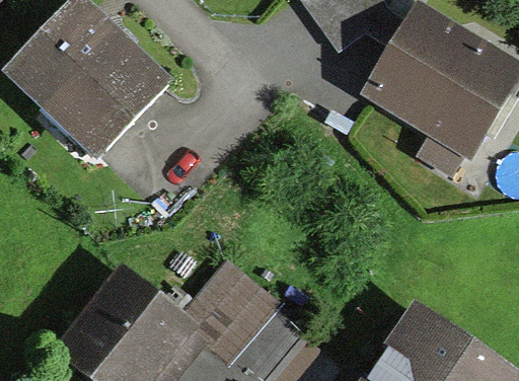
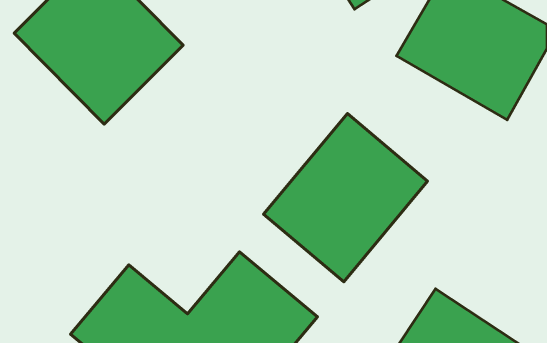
building: none -> [264,114,428,282]

